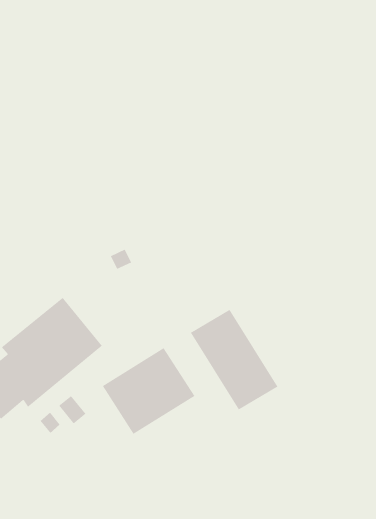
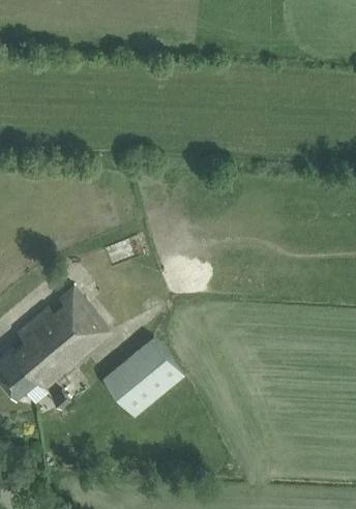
building: [190,309,278,411] -> none

